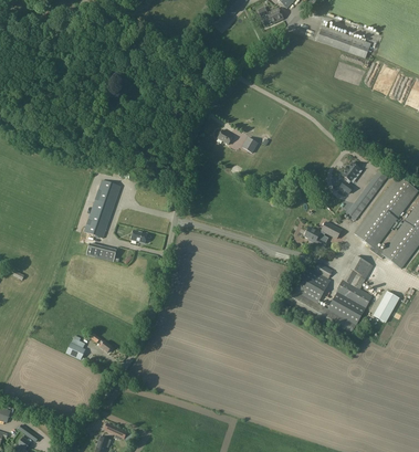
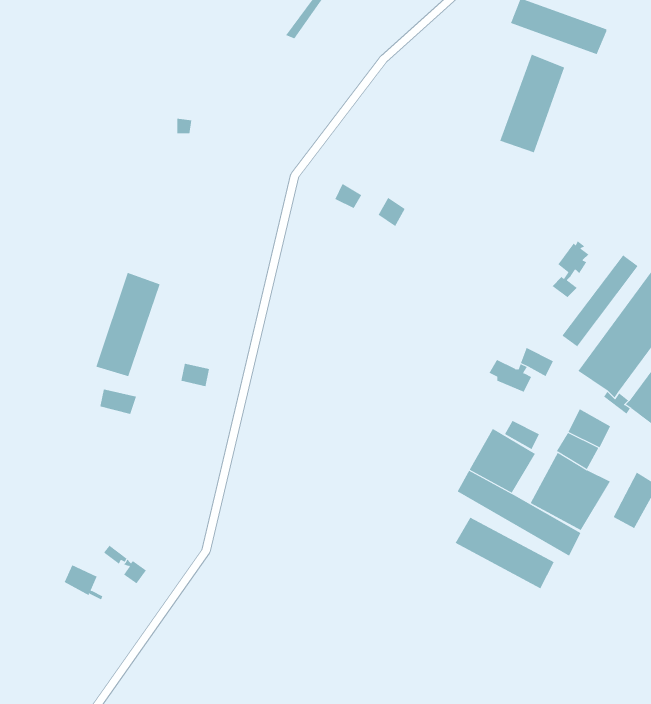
building: none -> [500,54,565,153]
building: none -> [455,517,555,589]

